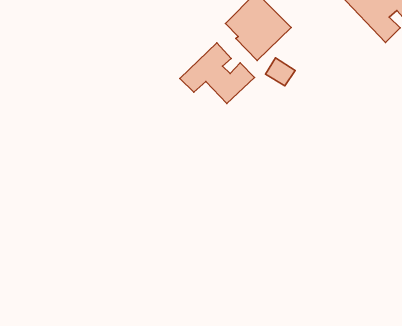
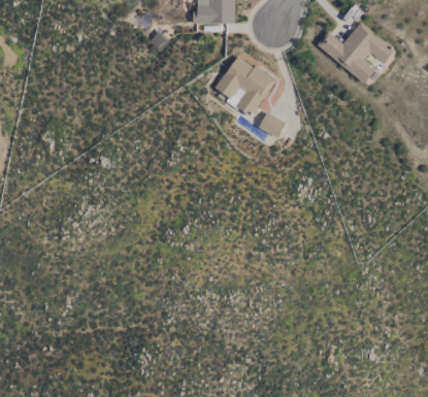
building: [180,43,254,104] -> none

